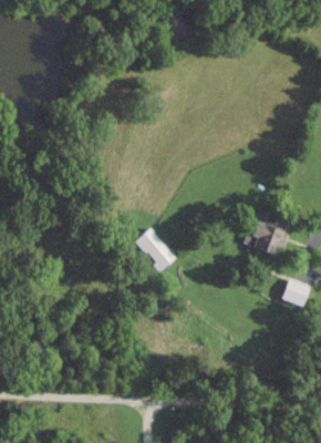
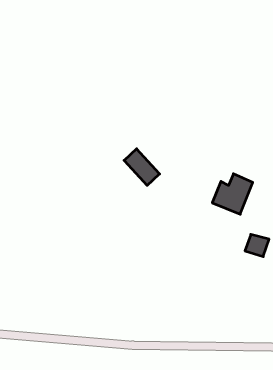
building: [137,229,178,271] -> [124,149,160,185]

